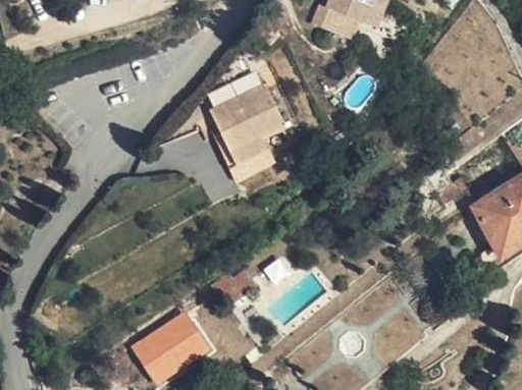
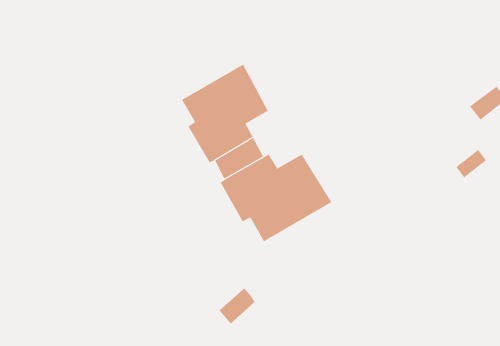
building: none -> [220,154,332,242]

